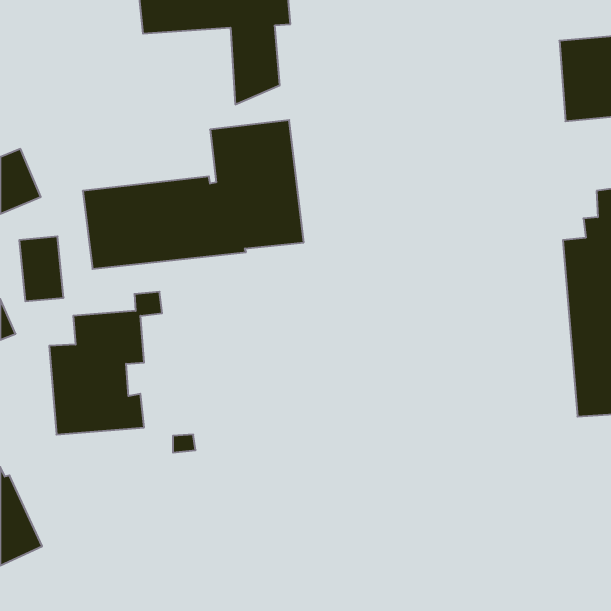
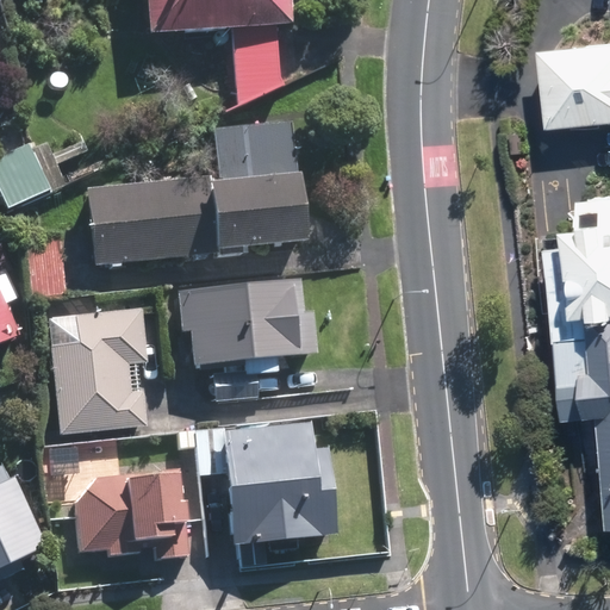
building: none -> [176,275,317,400]
building: none -> [198,422,338,544]
building: none -> [75,466,187,558]

